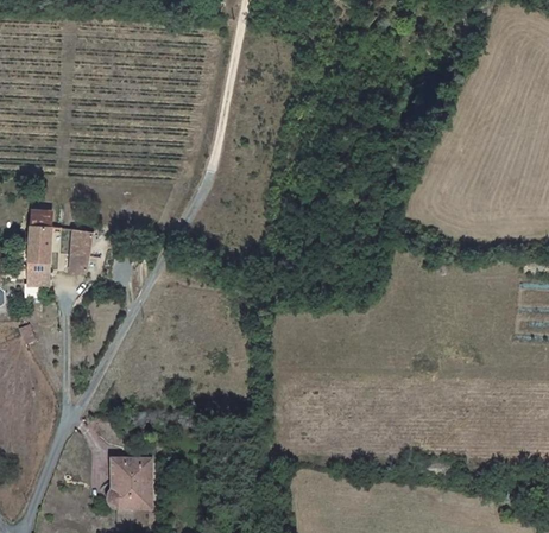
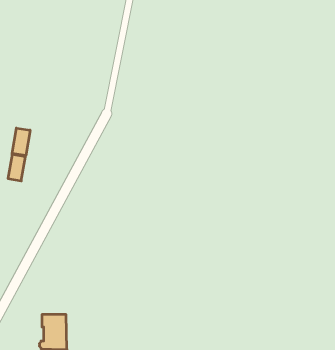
building: none -> [12,128,30,156]

